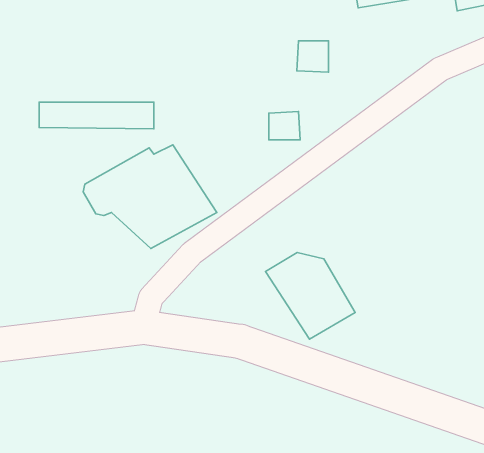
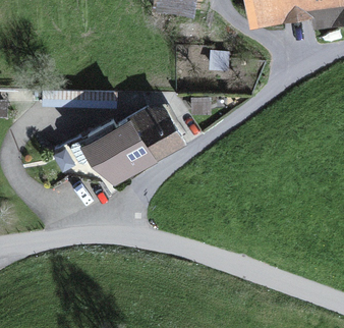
building: [266,253,355,339] -> [128,105,186,161]

